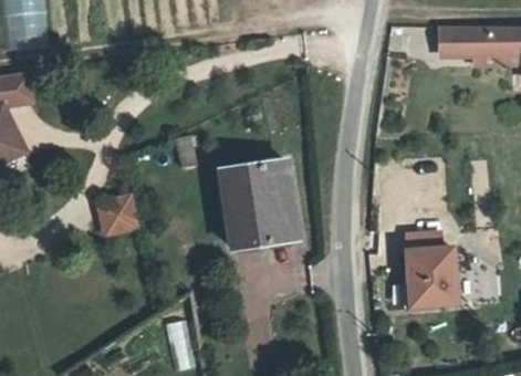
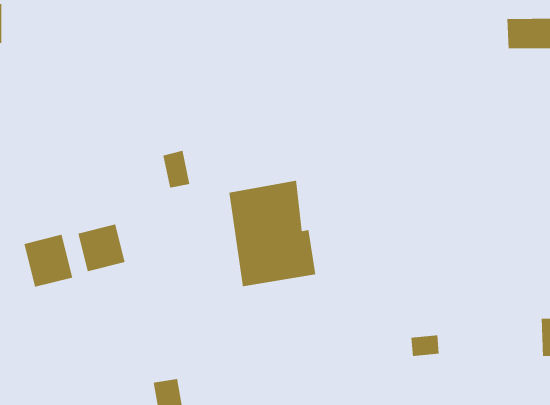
building: none -> [24,234,73,288]
building: [411,243,458,299] -> none

